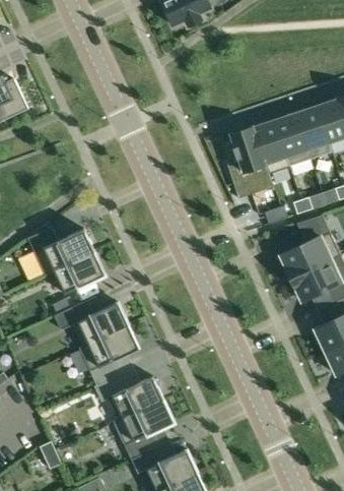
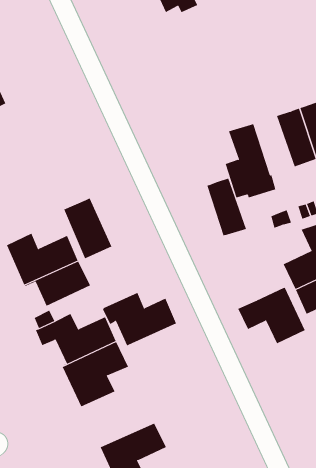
building: [254,120,290,174] -> [206,178,247,237]
building: none -> [63,198,112,259]
building: none -> [238,286,305,344]
building: [95,371,163,422] -> [102,292,177,348]

